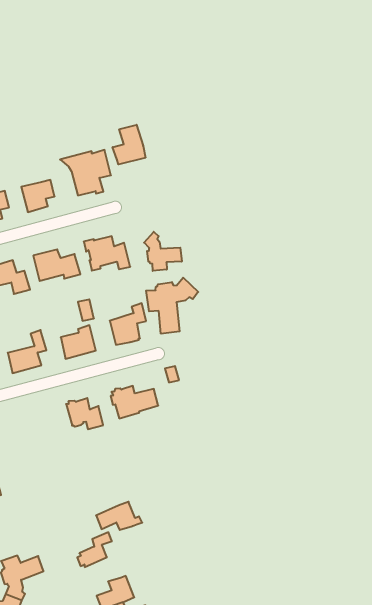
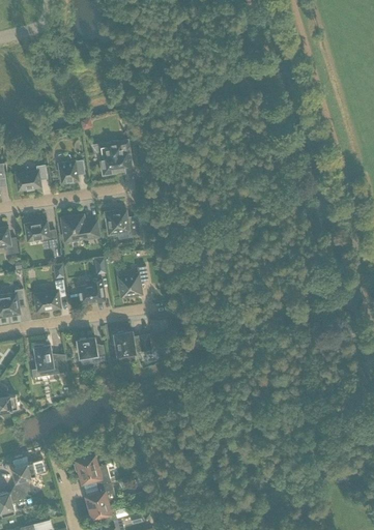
building: [113,125,145,164] -> none
building: [144,232,182,271] -> none
building: [146,278,198,334] -> none
building: none -> [32,344,60,374]
building: [96,502,142,530] -> [78,463,114,484]

